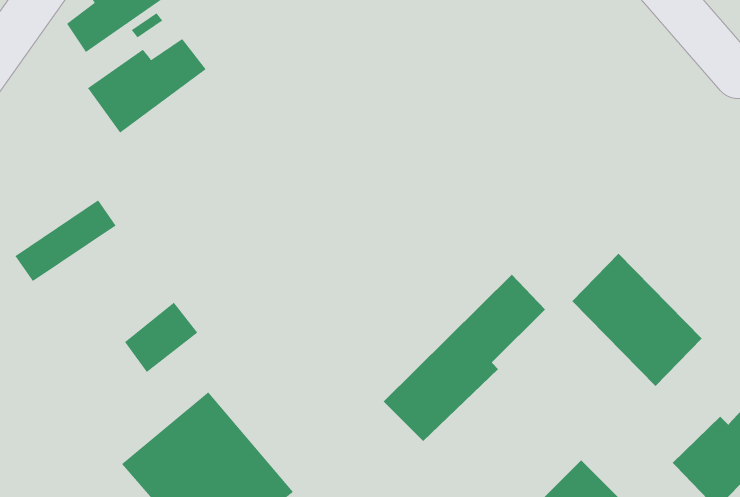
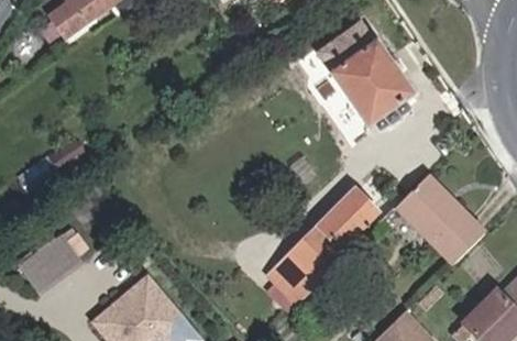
building: none -> [317,19,414,131]
building: [87,38,207,134] -> none
building: [124,302,198,373] -> [19,234,69,283]

